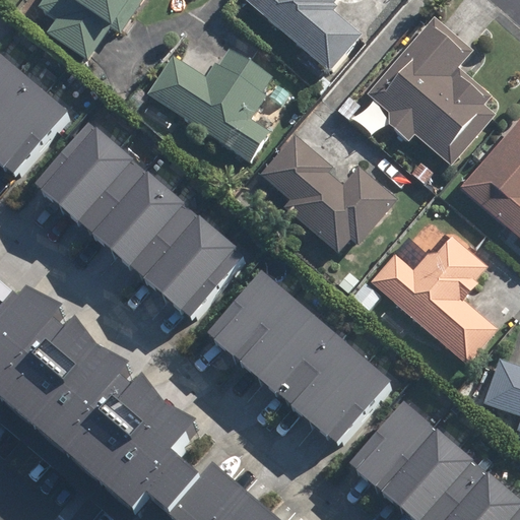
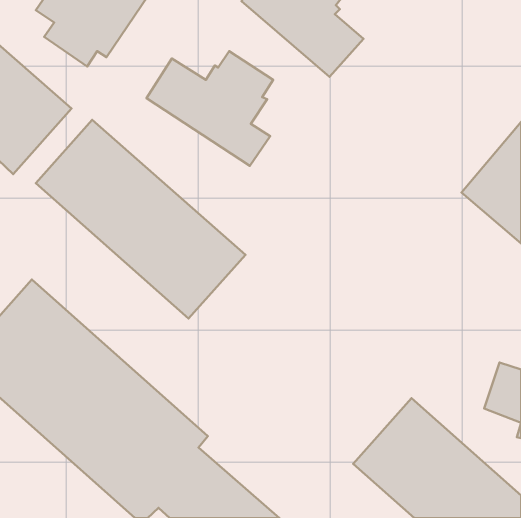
building: [366,19,494,170] -> none
building: [259,137,397,257] -> none
building: [350,238,497,369] -> none
building: [208,265,392,442] -> none

